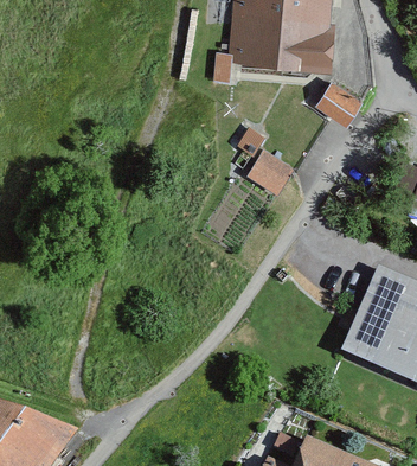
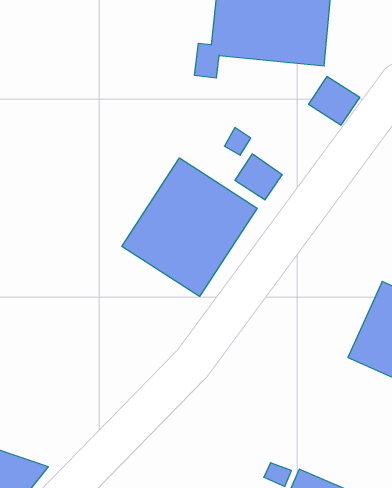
building: none -> [122,158,257,296]

